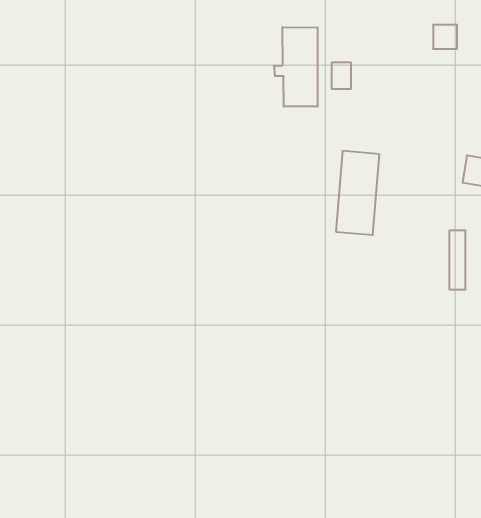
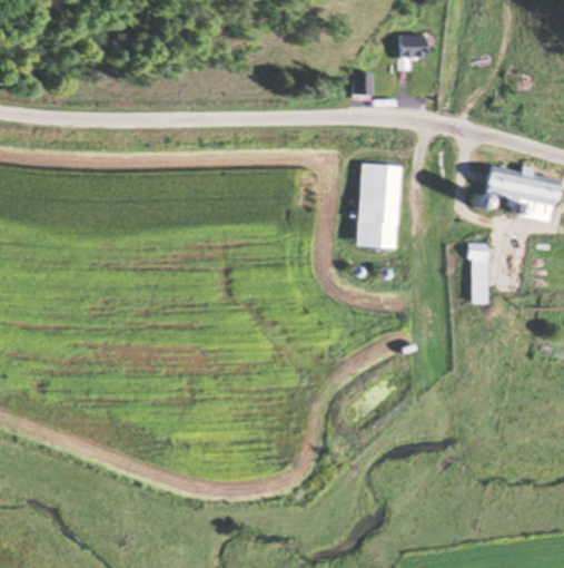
building: [433,25,457,49] -> [397,33,422,58]
building: [274,27,318,107] -> none

